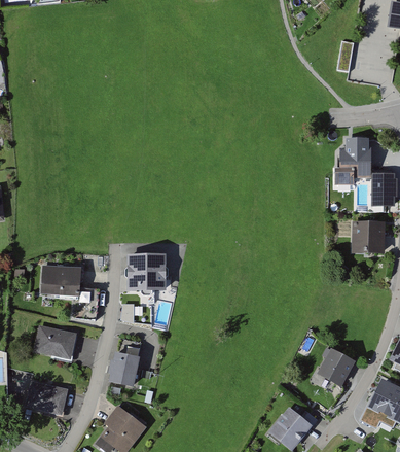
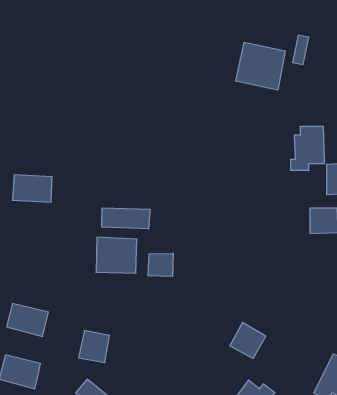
building: none -> [236,42,285,90]
building: none -> [102,208,150,229]
building: [40,266,82,294] -> [12,175,52,202]
building: none -> [148,253,173,276]
building: [318,347,356,385] -> [230,322,266,358]

